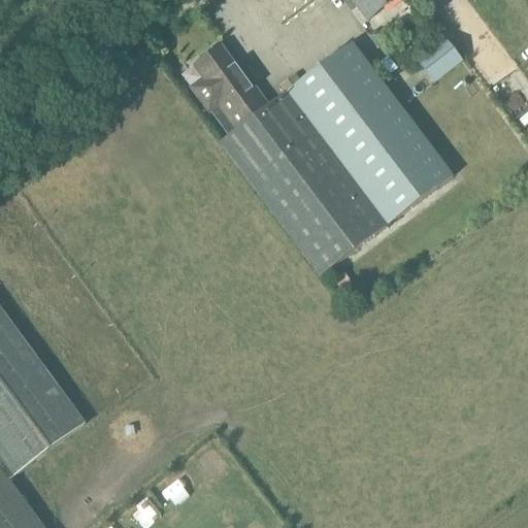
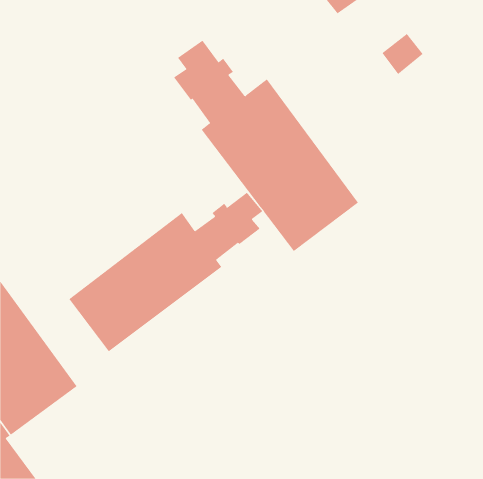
building: [291,39,454,221] -> none
building: none -> [69,192,263,352]

